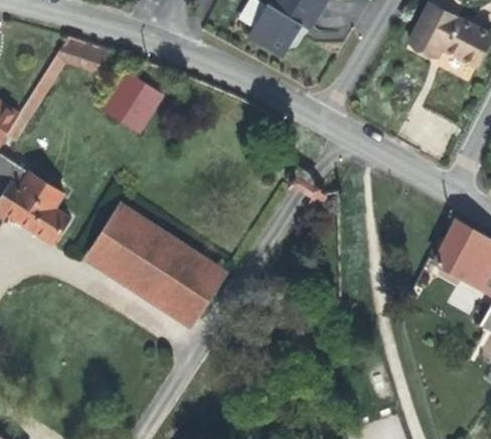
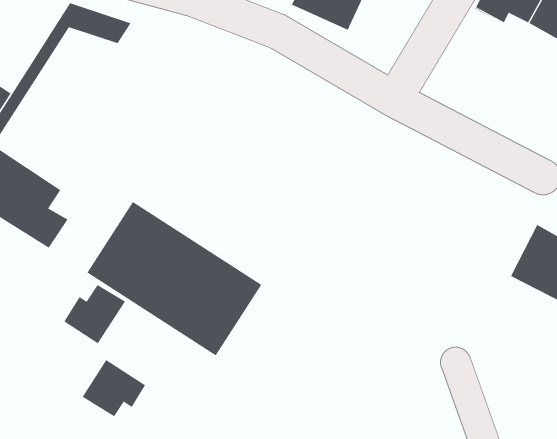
building: [103,74,162,134] -> none
building: none -> [64,284,126,344]
building: none -> [82,359,146,417]

